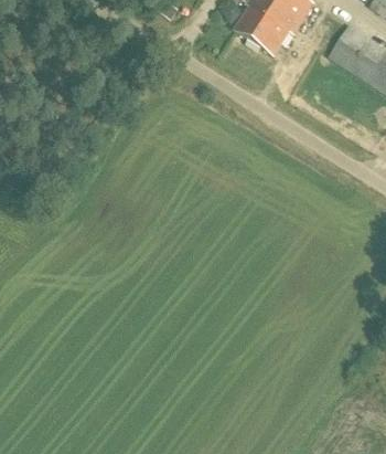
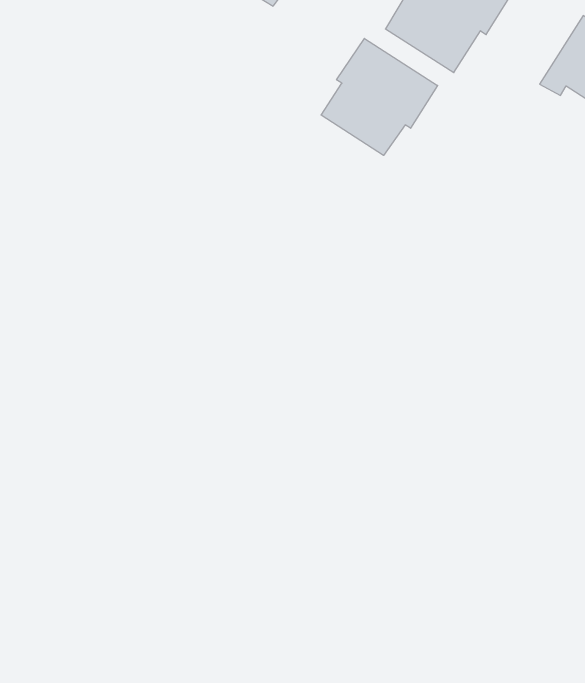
building: none -> [321,38,438,155]

